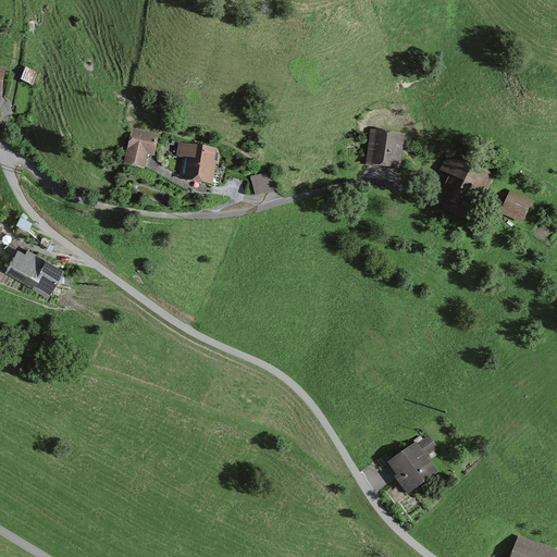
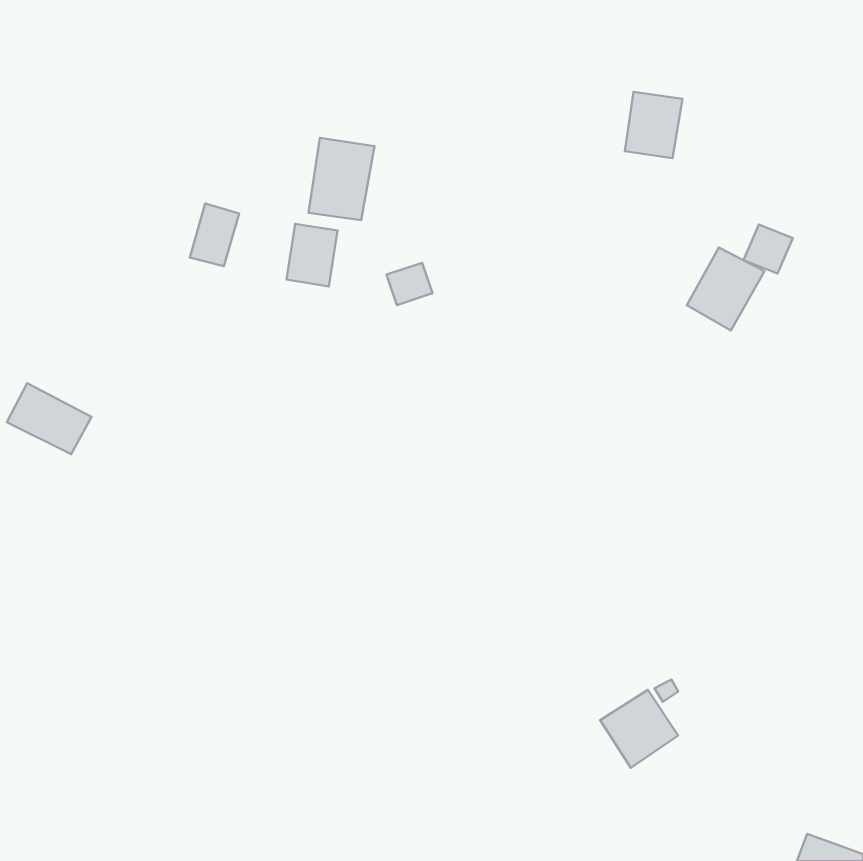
building: none -> [309,138,374,220]
building: [367,127,404,170] -> [625,92,683,158]
building: [500,191,532,223] -> [744,224,793,274]

